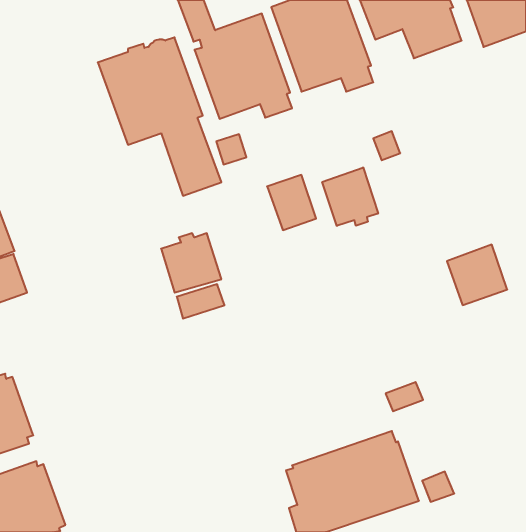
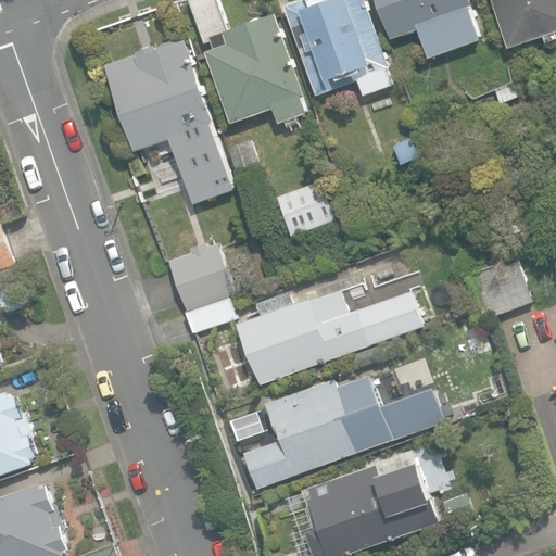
building: [322,167,378,226] -> none
building: none -> [237,288,422,383]
building: none -> [243,375,396,488]

